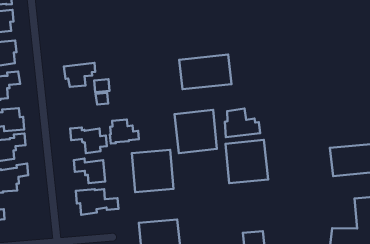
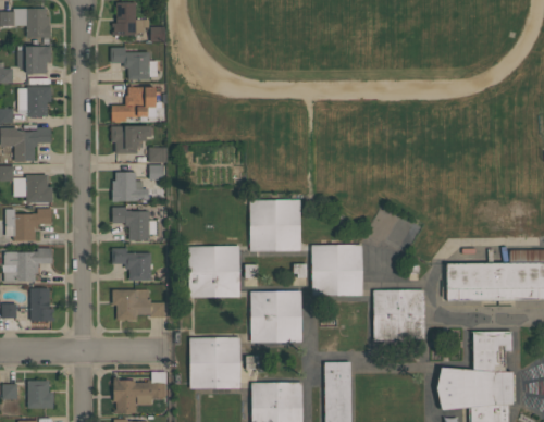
building: none -> [111,48,158,80]
building: none -> [112,88,162,123]
building: [179,54,231,89] -> none
building: [225,109,260,137] -> none
building: [110,119,139,144] -> [112,173,149,202]
building: none -> [373,290,424,343]
building: none -> [250,291,301,344]
building: none -> [30,288,54,321]

